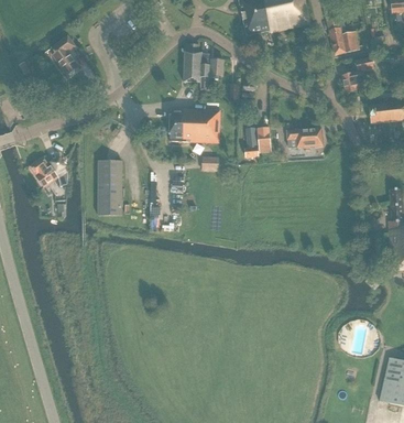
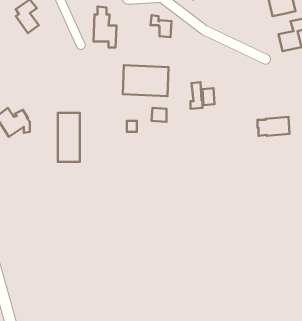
building: [184,44,209,89] -> [94,6,117,47]
building: [287,128,323,149] -> [258,117,289,136]

